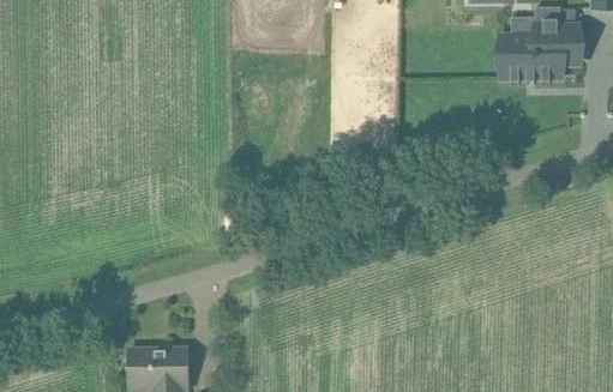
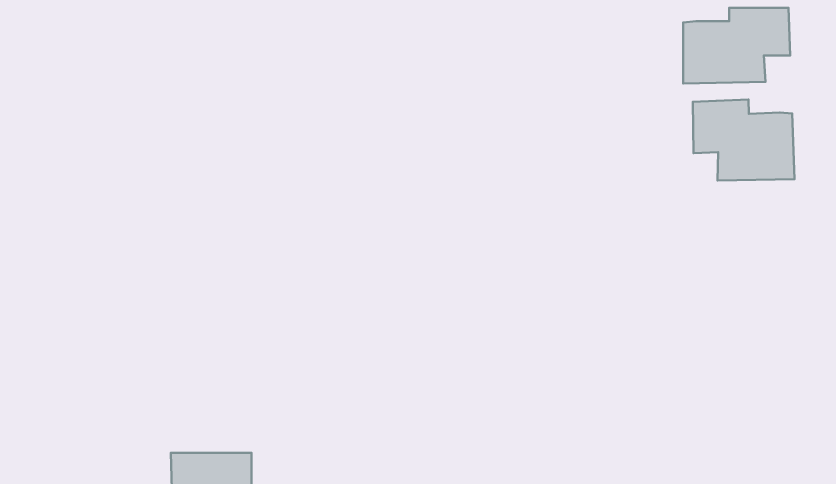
building: none -> [693,100,795,181]

